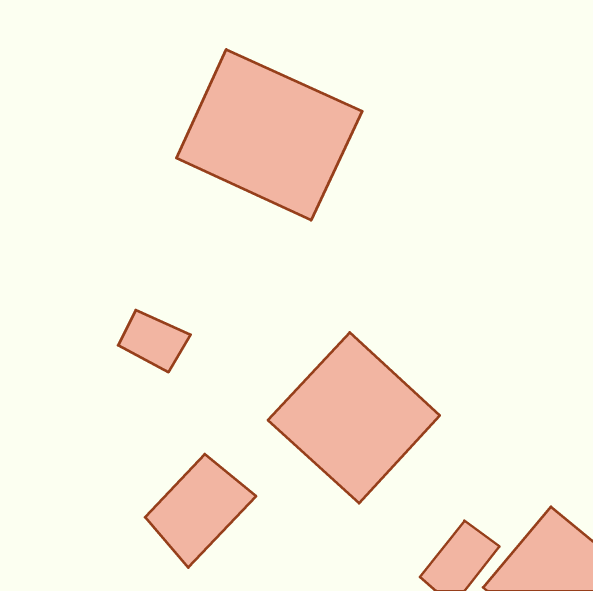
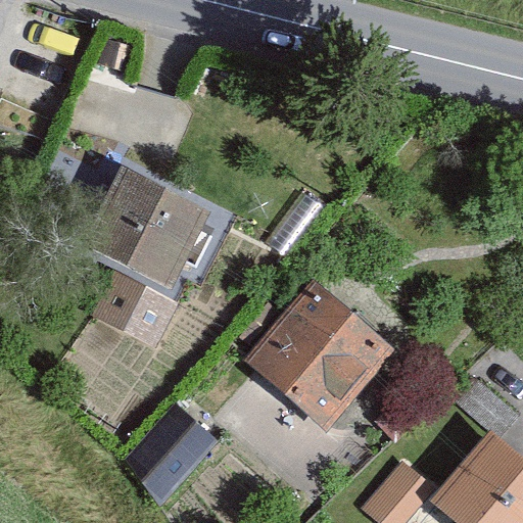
building: [176,49,362,220] -> none
building: none -> [91,164,218,285]

